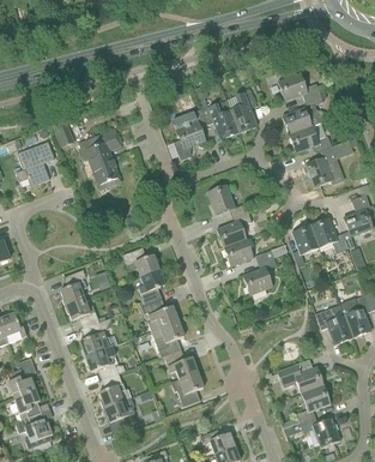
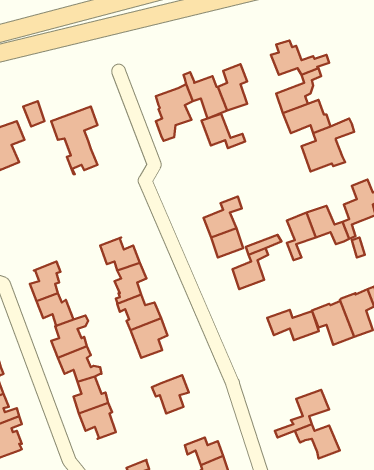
building: [208,185,248,216] -> [201,114,245,148]
building: [161,349,198,379] -> none
building: [277,366,323,394] -> [267,310,319,340]

